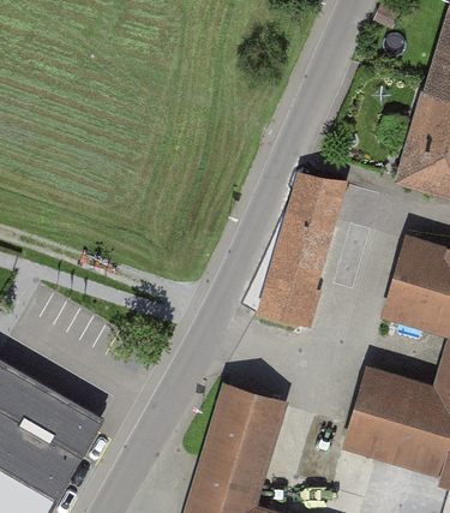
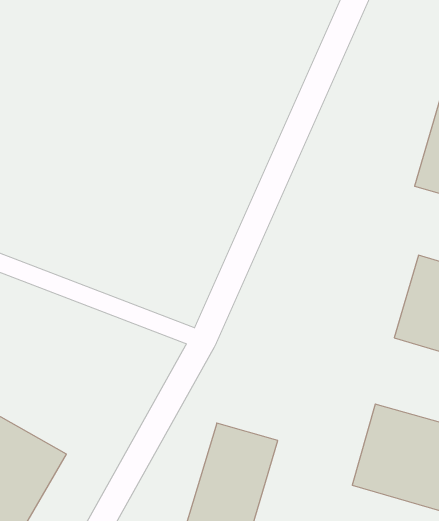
building: [263,175,343,328] -> none

